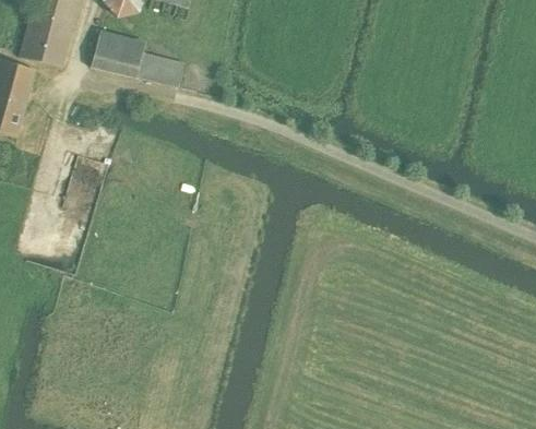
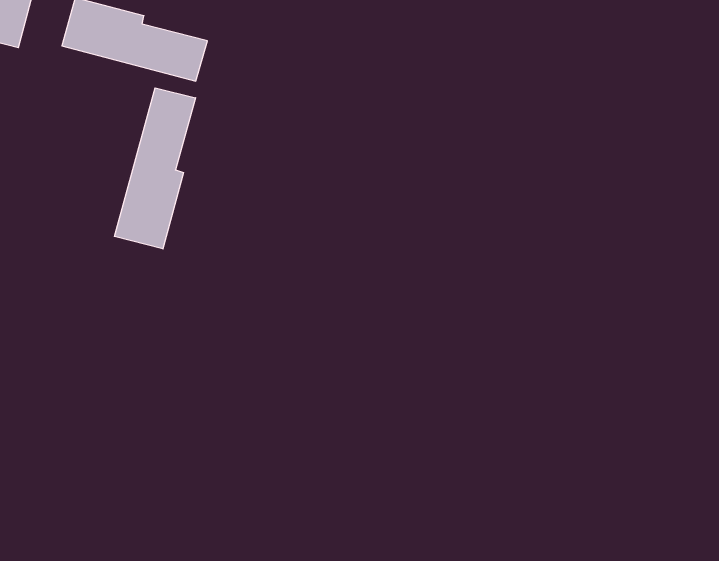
building: none -> [114,88,196,249]

